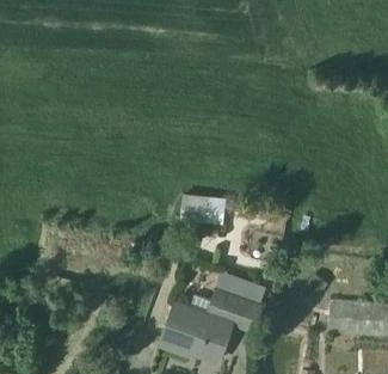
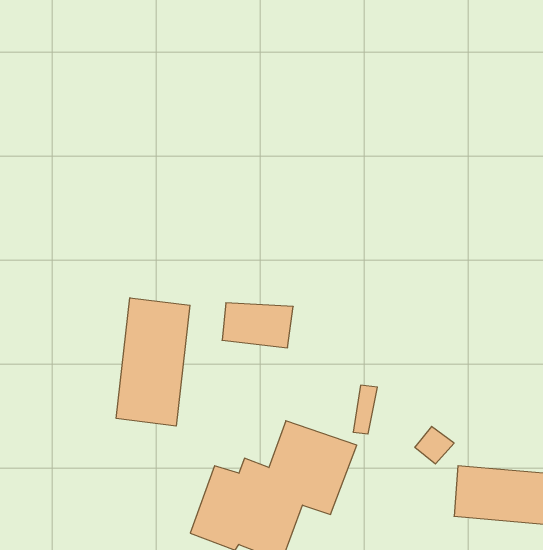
building: none -> [116,298,190,426]

